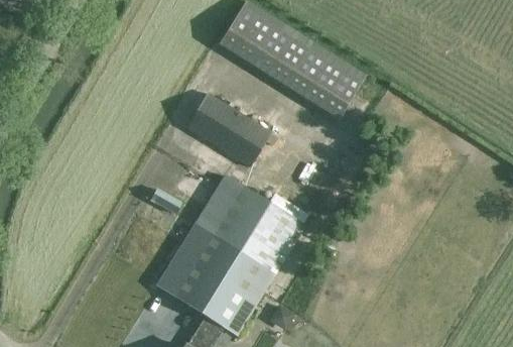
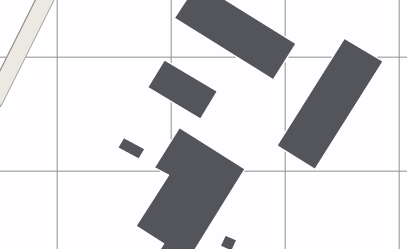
building: none -> [277,38,383,170]
building: [157,223,212,294] -> none

